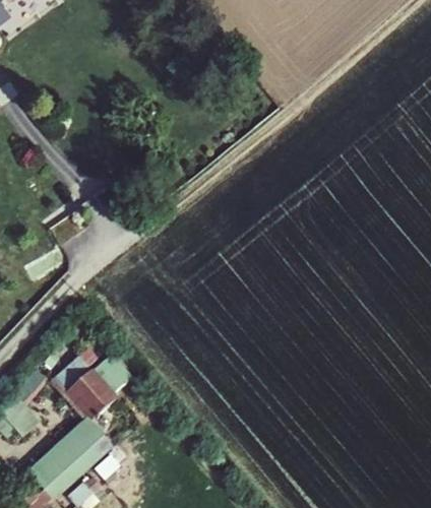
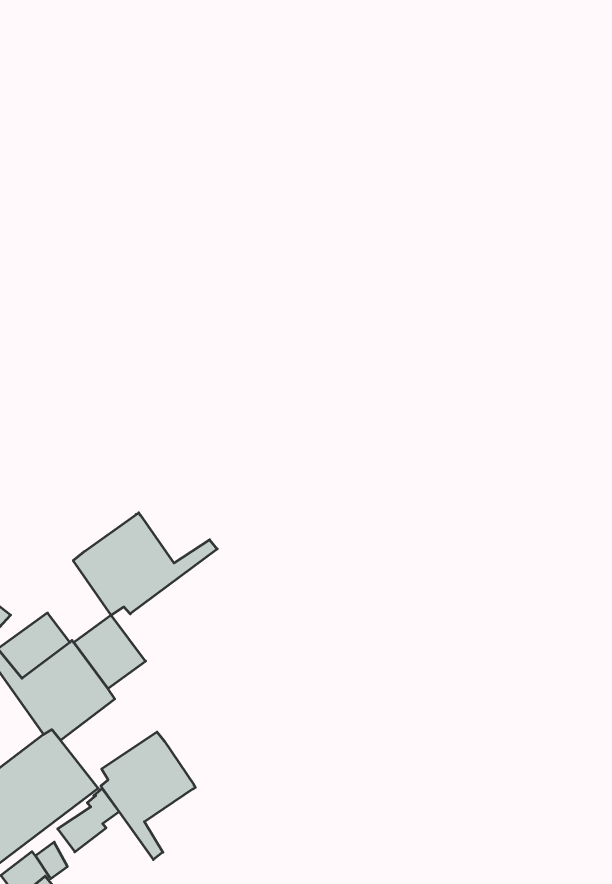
building: none -> [73,513,217,615]
building: none -> [101,732,195,860]

